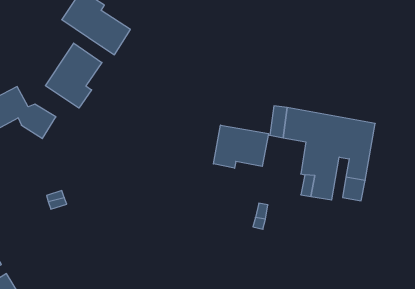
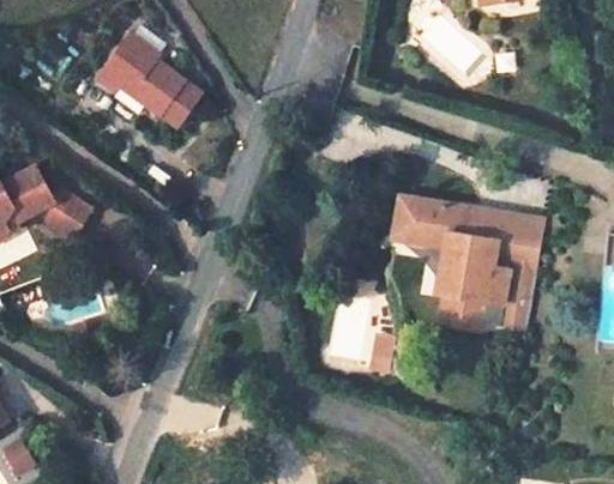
building: [45,43,102,108] -> none
building: [213,125,269,168] -> none

